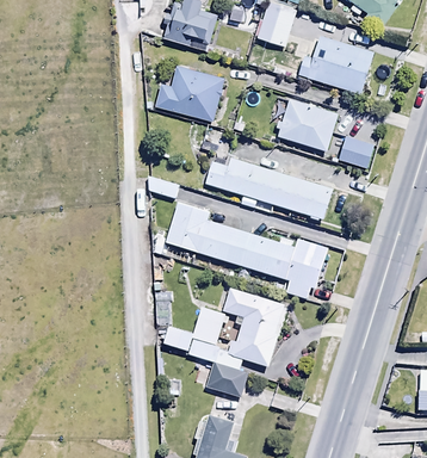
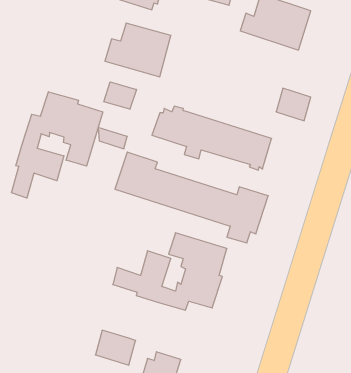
building: [276,97,338,150] -> none
building: none -> [104,82,136,109]
building: none -> [11,92,103,198]
building: [204,361,247,398] -> [95,330,136,365]

